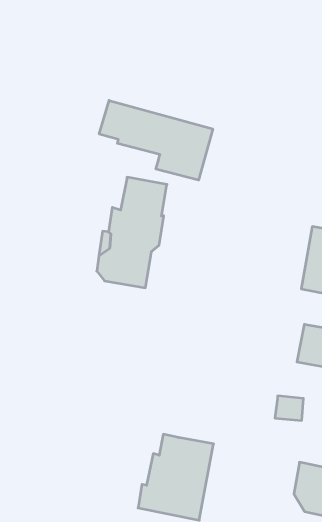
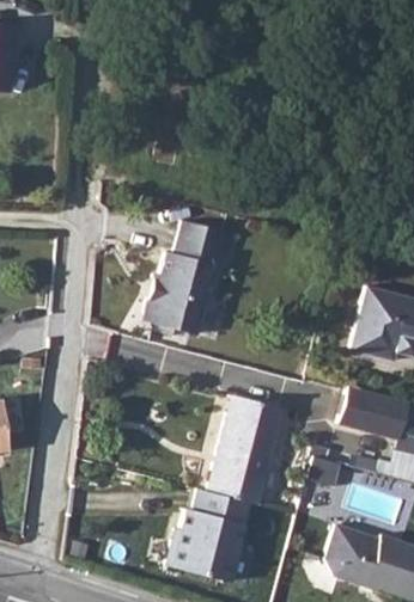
building: [99,100,213,180] -> none
building: none -> [212,394,281,503]

